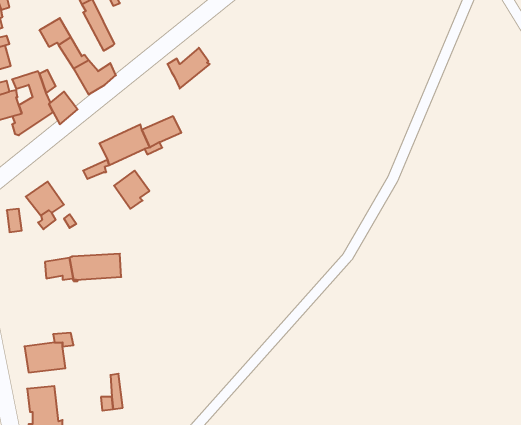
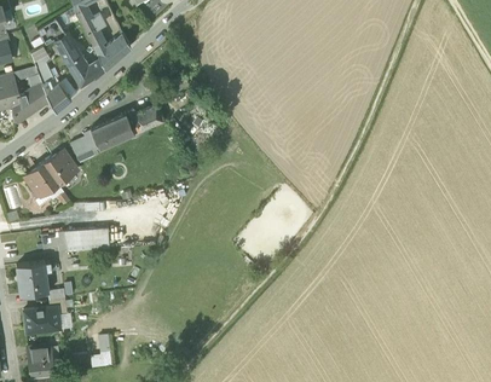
building: [167,48,210,89] -> [93,33,131,69]
building: [114,171,149,209] -> [44,150,75,184]
building: none -> [16,260,48,295]

